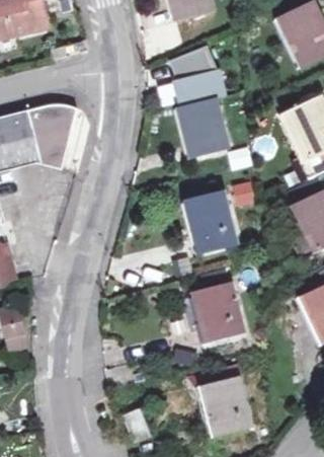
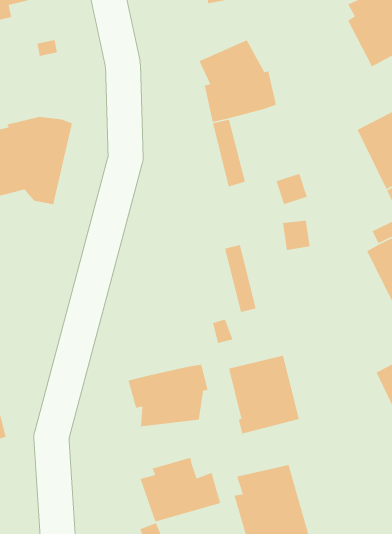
building: [192,99,231,154] -> none
building: [200,194,239,249] -> none
building: none -> [128,364,209,427]
building: none -> [140,457,221,523]

